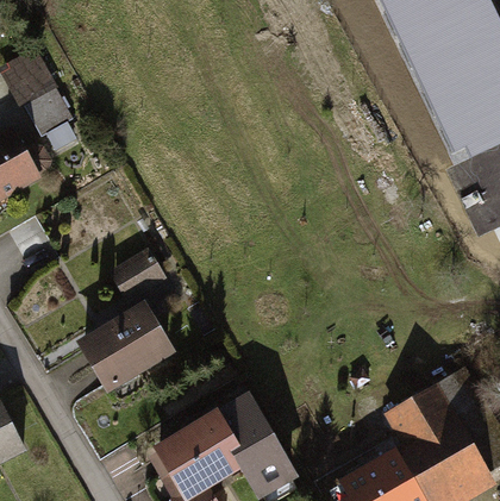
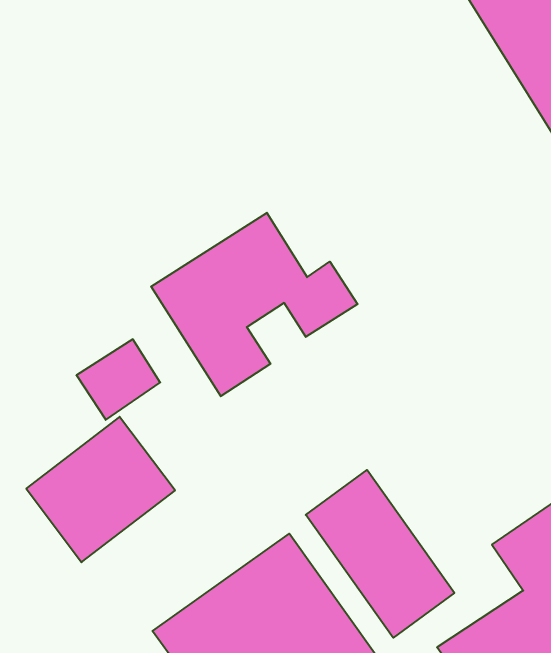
building: none -> [151,213,358,396]
building: none -> [306,470,454,638]

